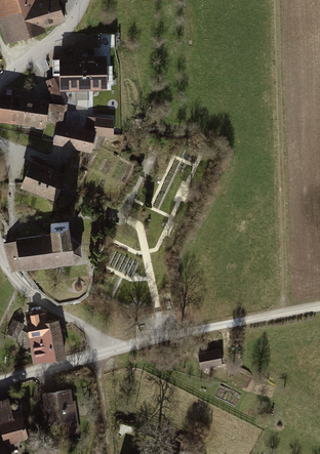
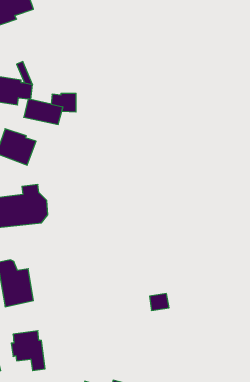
building: [54,55,109,98] -> none

